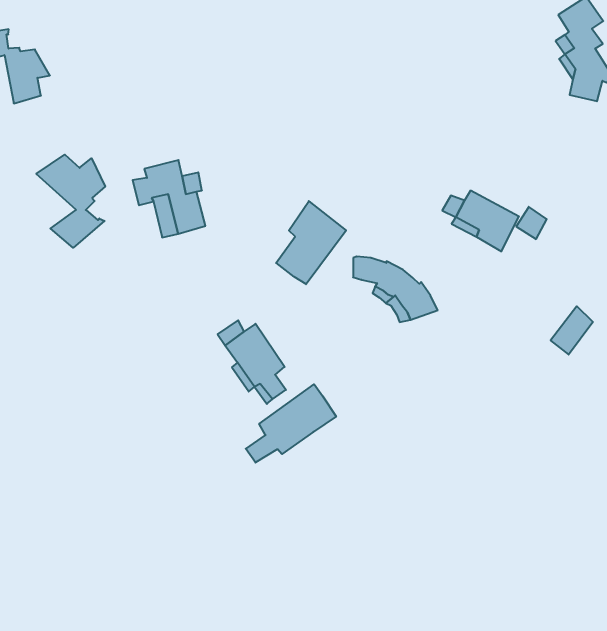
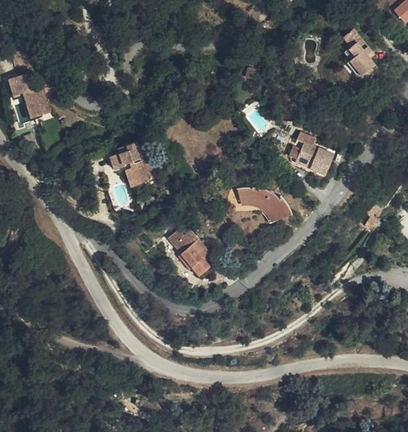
building: [36,155,105,248] -> none
building: [276,201,346,284] -> none
building: [246,384,336,463] -> none

